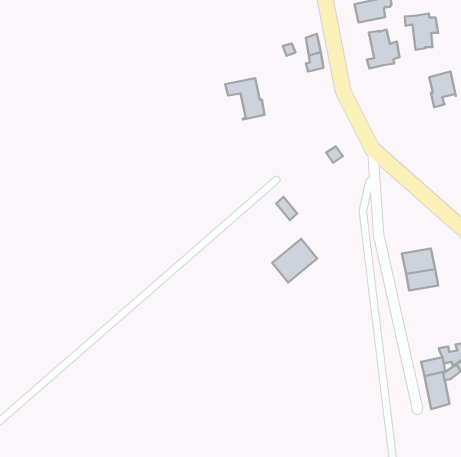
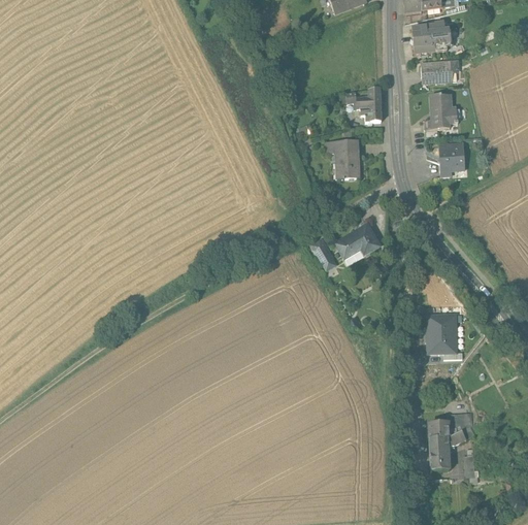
building: [405,14,438,50] -> none
building: [429,71,456,107] -> [439,143,463,175]
building: [225,78,264,120] -> [325,139,358,177]
building: [272,239,317,283] -> [335,223,380,263]

